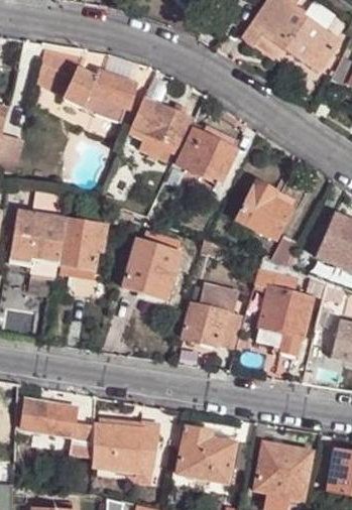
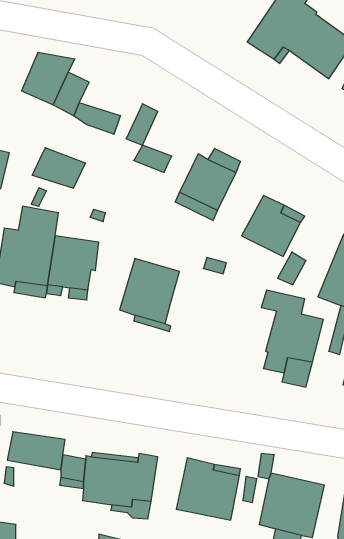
building: [87,71,136,108] -> [32,148,86,188]
building: [145,104,190,146] -> none
building: [182,291,238,350] -> none

